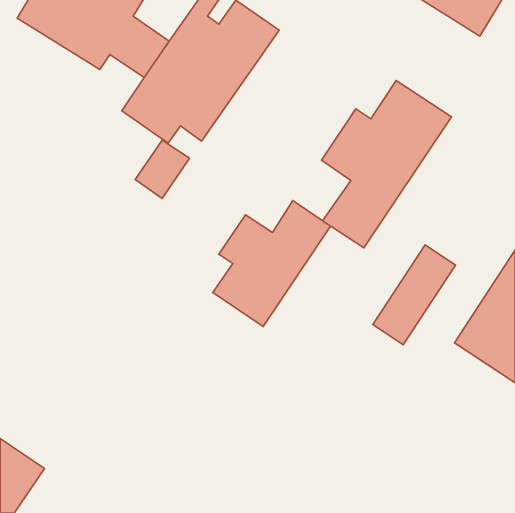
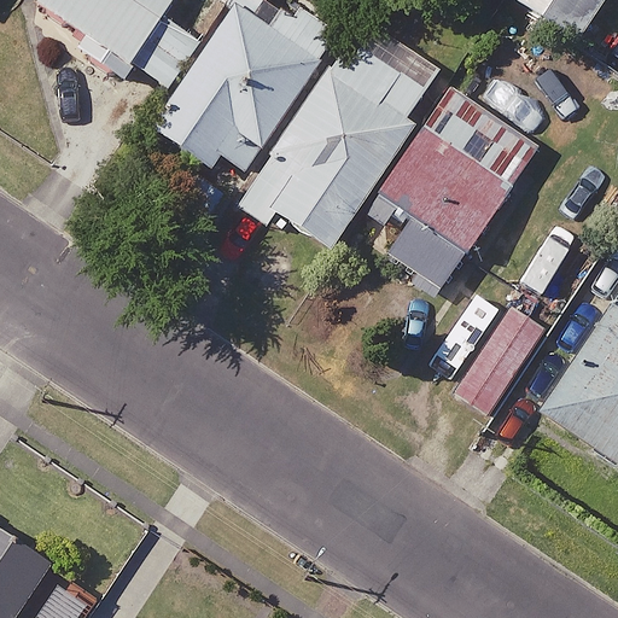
building: none -> [249,22,442,245]
building: [213,201,330,327] -> none

